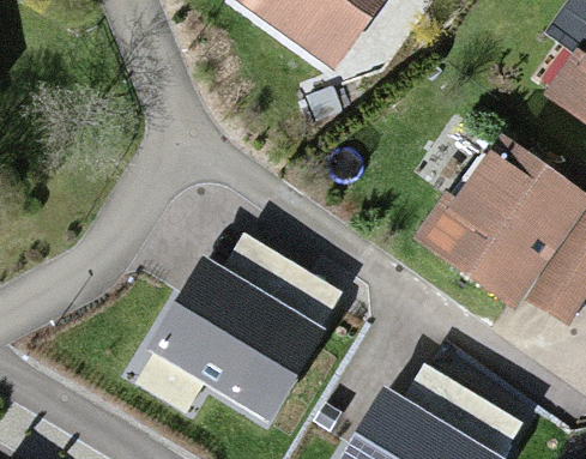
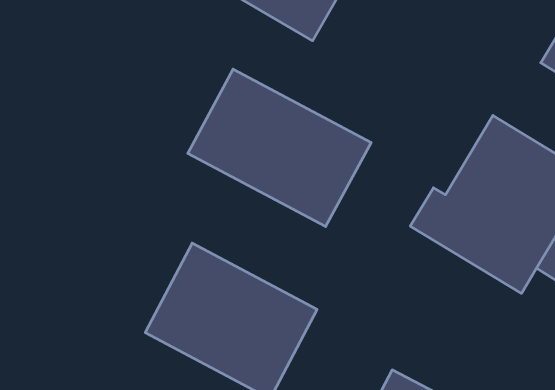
building: none -> [188,69,371,227]

